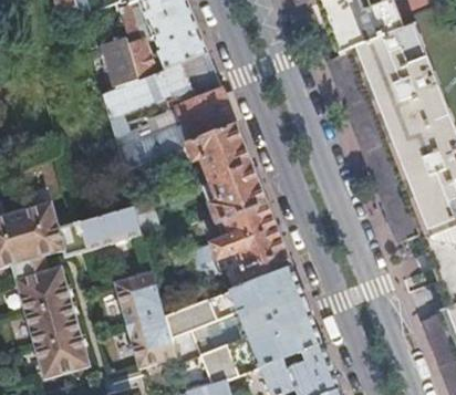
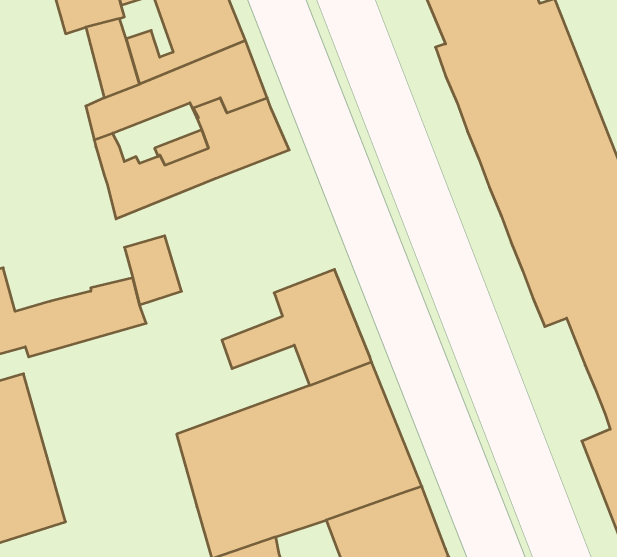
building: [187,121,266,217] -> none
building: [114,272,175,366] -> none

